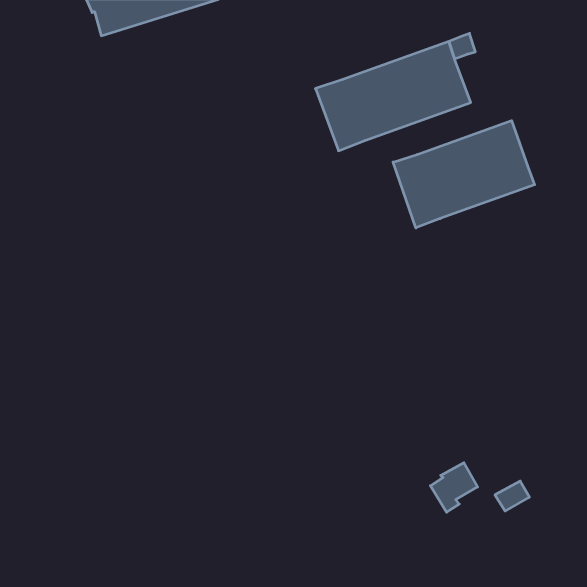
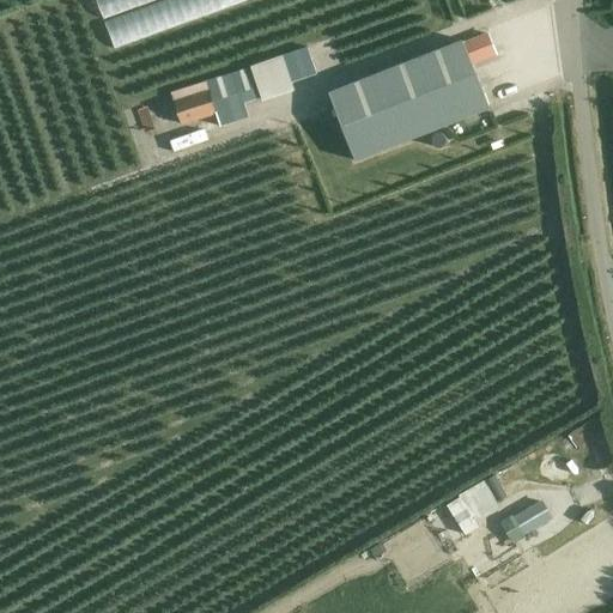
building: none -> [170,47,311,126]
building: [393,121,535,228] -> none

